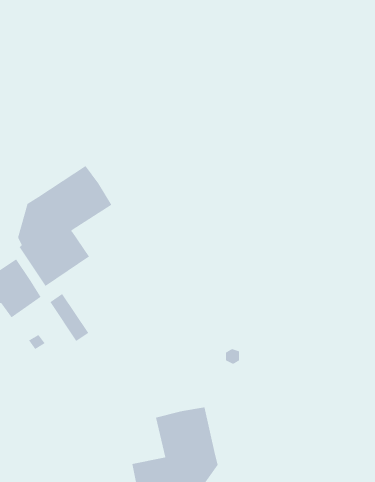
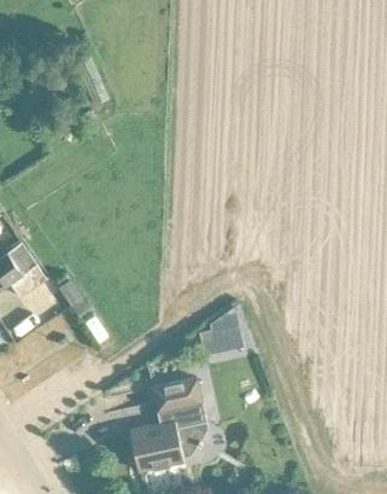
building: [18,165,112,287] -> none

